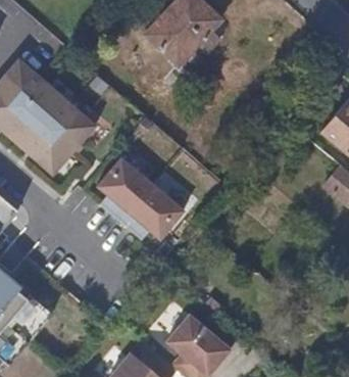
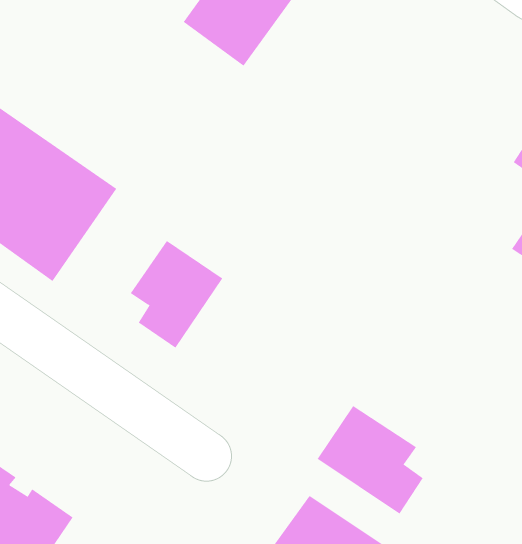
building: [121,184,186,240] -> none
building: none -> [317,405,424,515]

